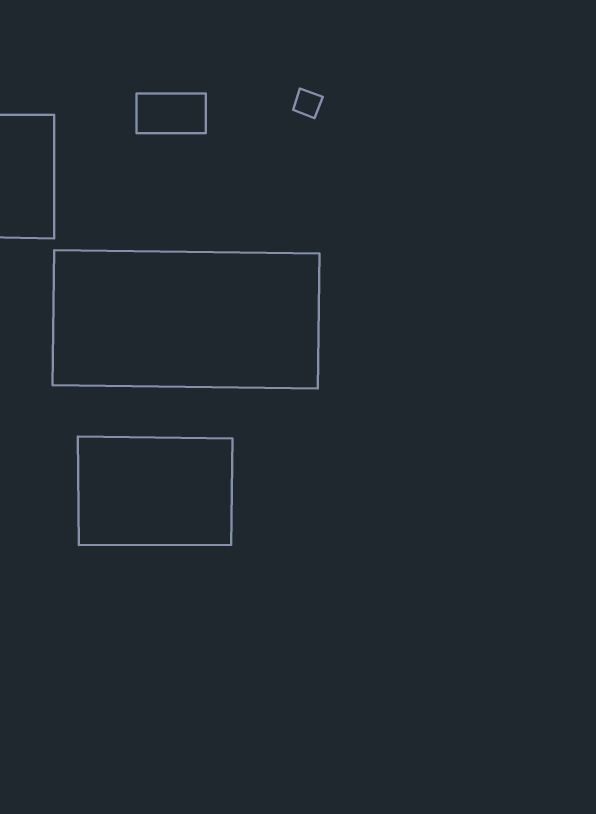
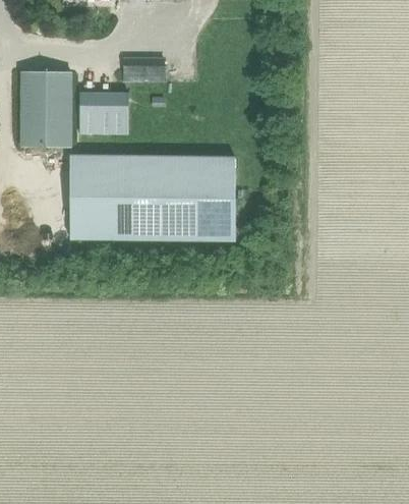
building: none -> [79,93,128,132]
building: [78,436,233,545] -> none

